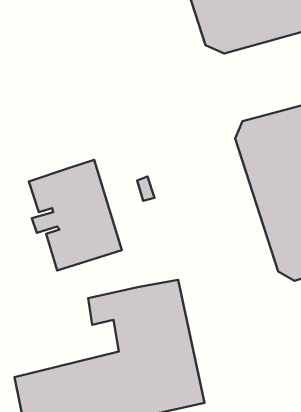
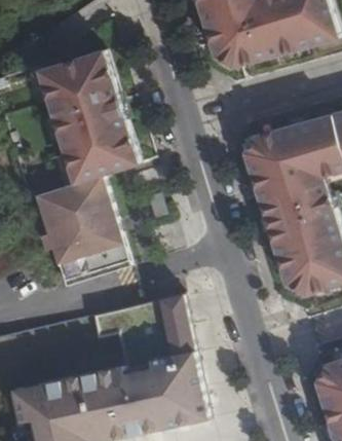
building: none -> [40,50,140,183]

